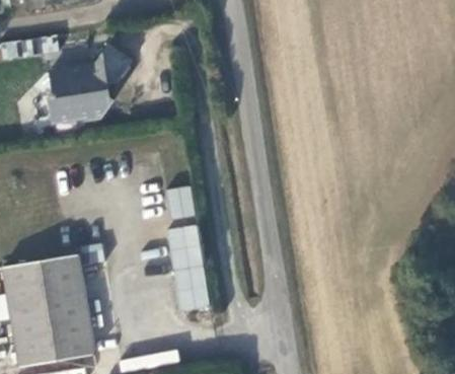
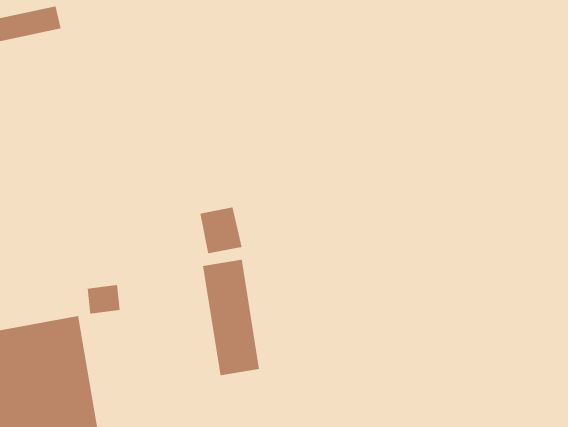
building: [41,49,126,123] -> none

